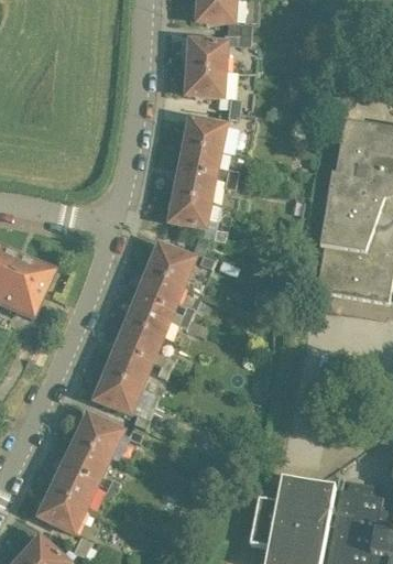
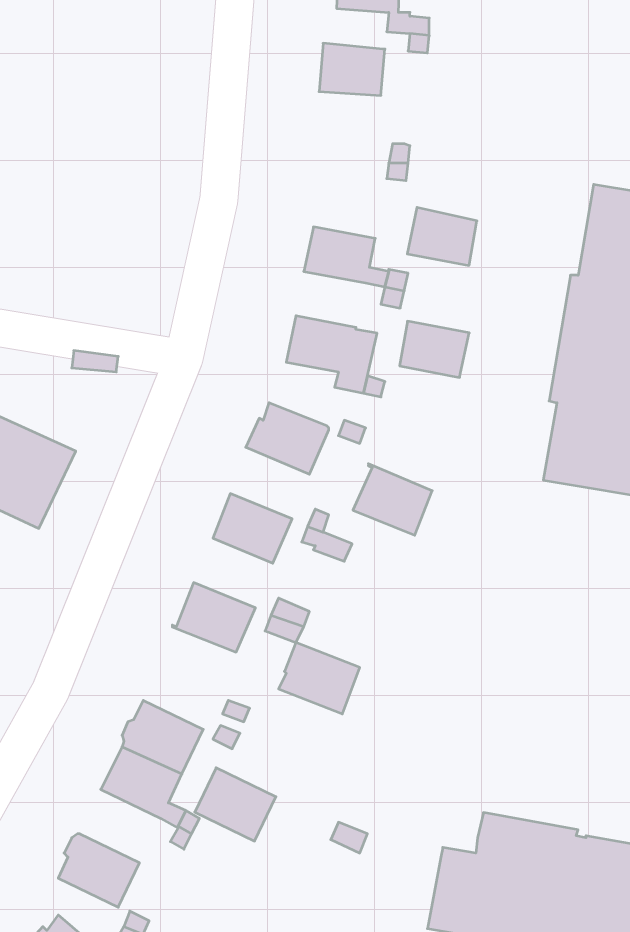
building: [186,67,222,96] -> none
building: [184,118,223,151] -> [407,207,477,265]
building: [174,170,214,202] -> [400,321,469,377]
building: [137,270,182,311] -> [353,464,432,535]
building: [116,322,161,361] -> none
building: [94,372,140,413] -> [279,642,360,714]
building: [51,465,97,507] -> [195,768,276,841]

